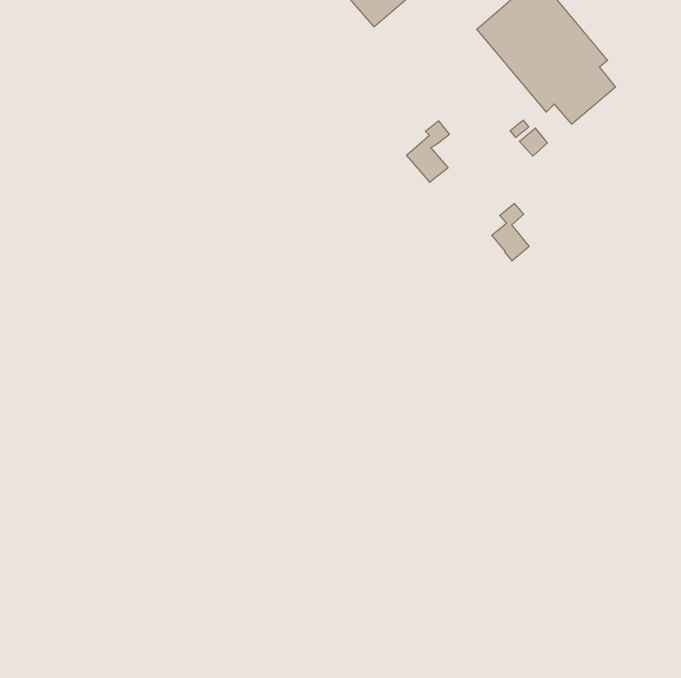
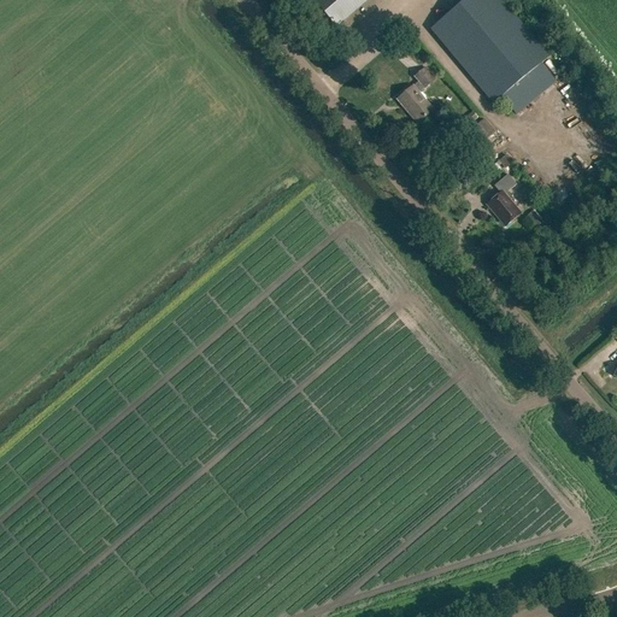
building: [407,121,449,182] -> [396,65,435,121]
building: [492,204,529,261] -> [486,171,519,223]

